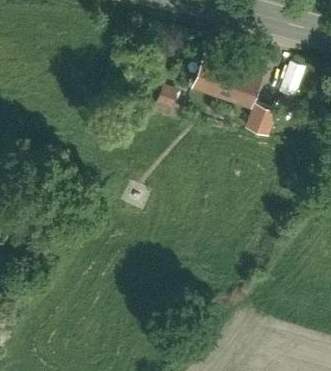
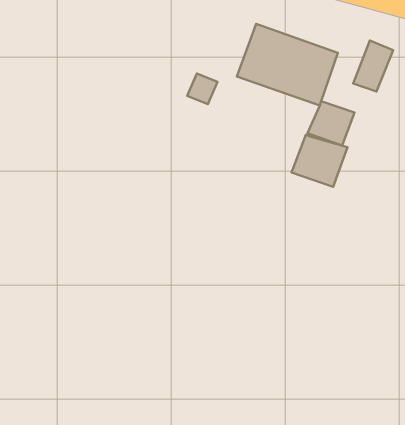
building: none -> [291,135,347,187]

